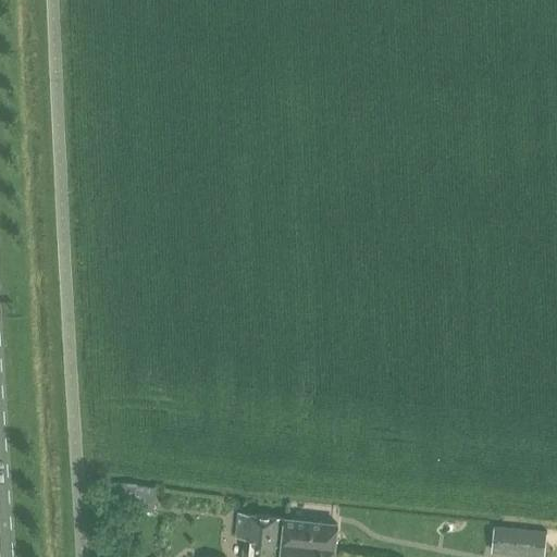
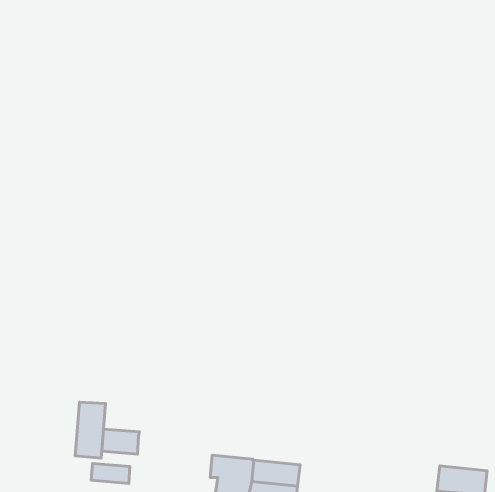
building: none -> [75,402,106,458]
building: none -> [91,463,130,483]

